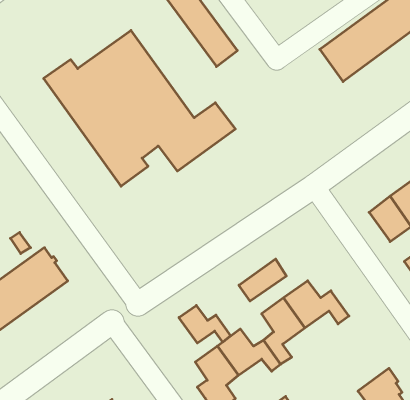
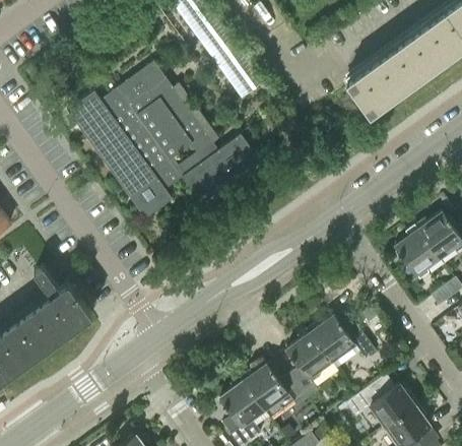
building: [239,259,286,301] -> none
building: [179,305,231,343] -> none
building: none -> [345,379,416,428]

